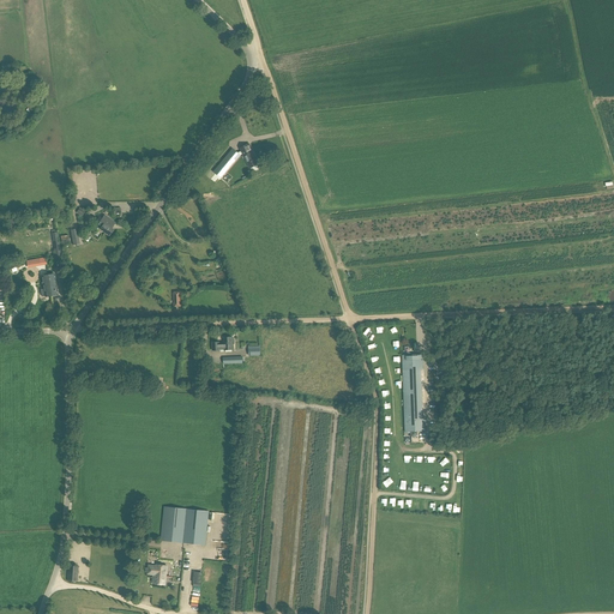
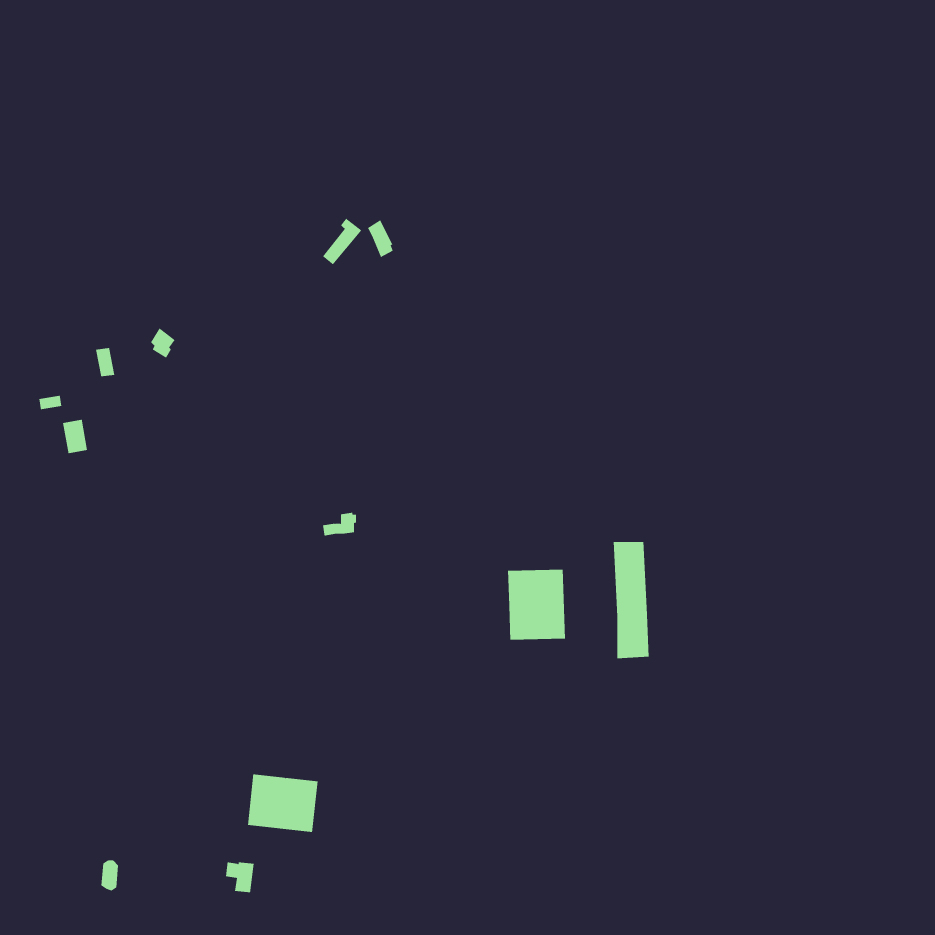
building: none -> [508,569,565,641]

